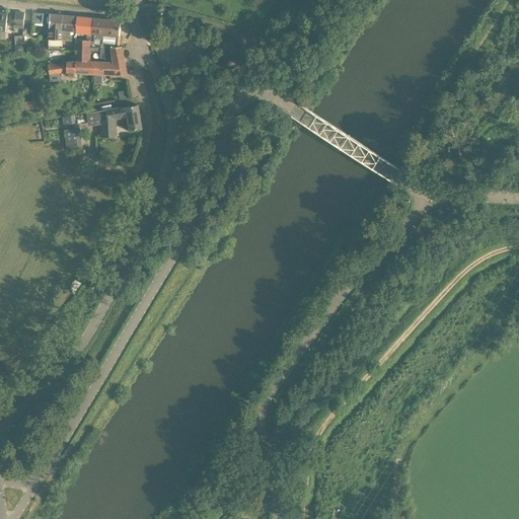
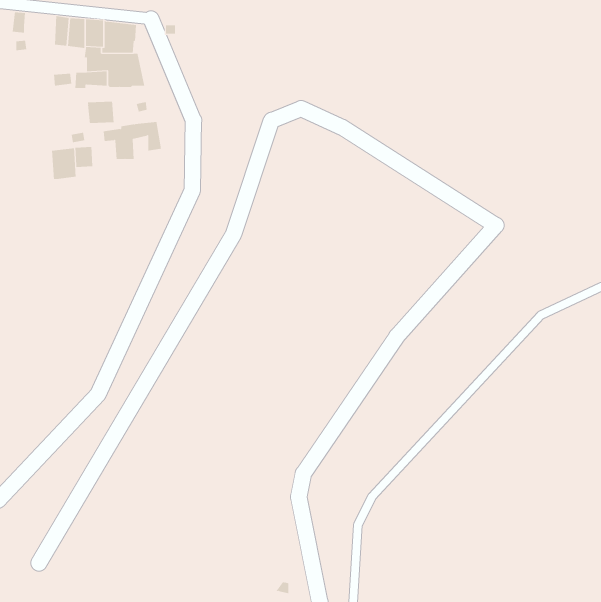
building: none -> [87,101,114,124]
building: none -> [52,148,76,180]

